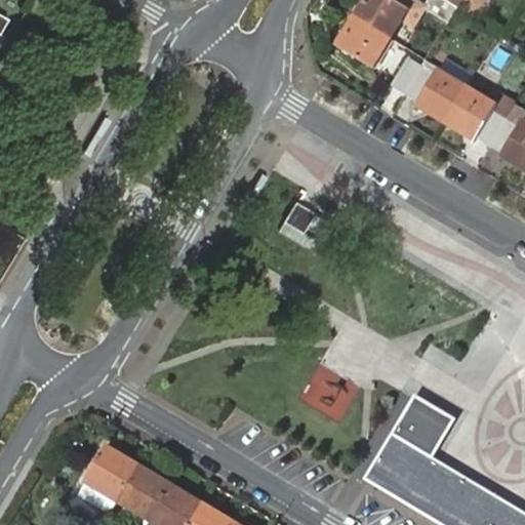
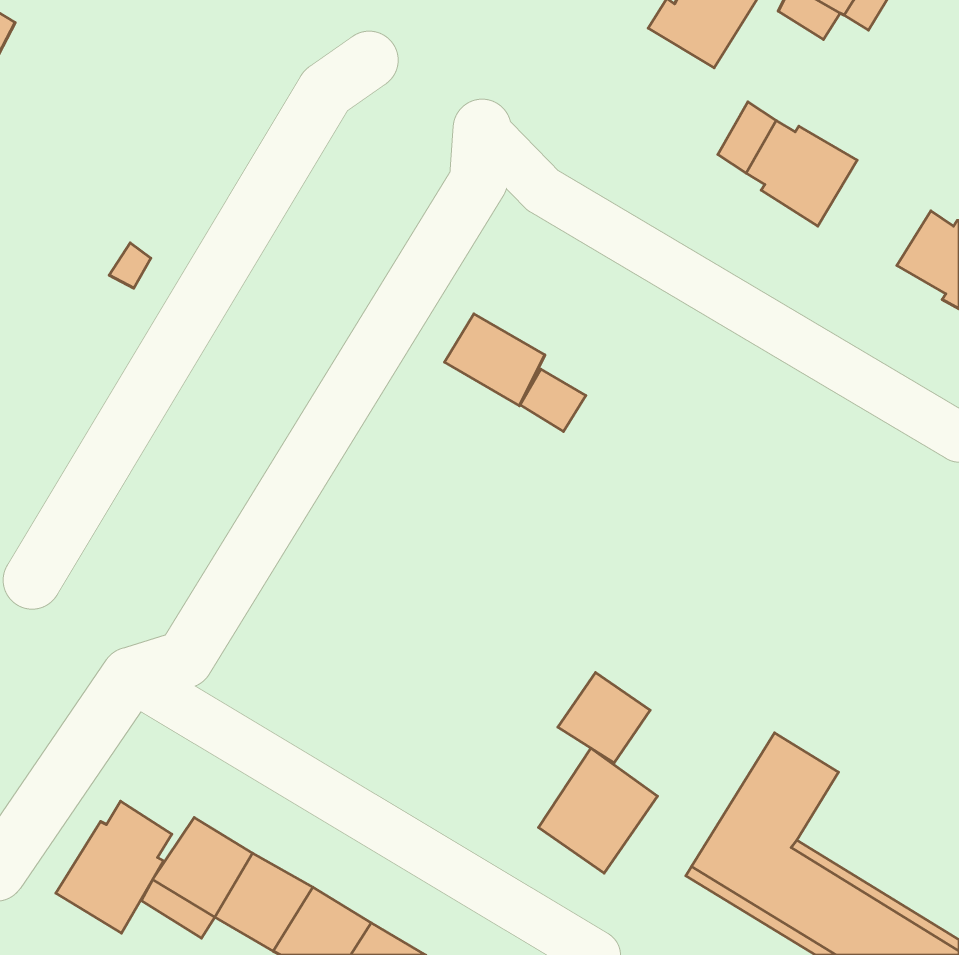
building: [340,15,389,67] -> none
building: [445,87,507,145] -> none
building: none -> [444,314,545,406]
building: none -> [538,748,657,873]
building: none -> [56,801,172,933]

